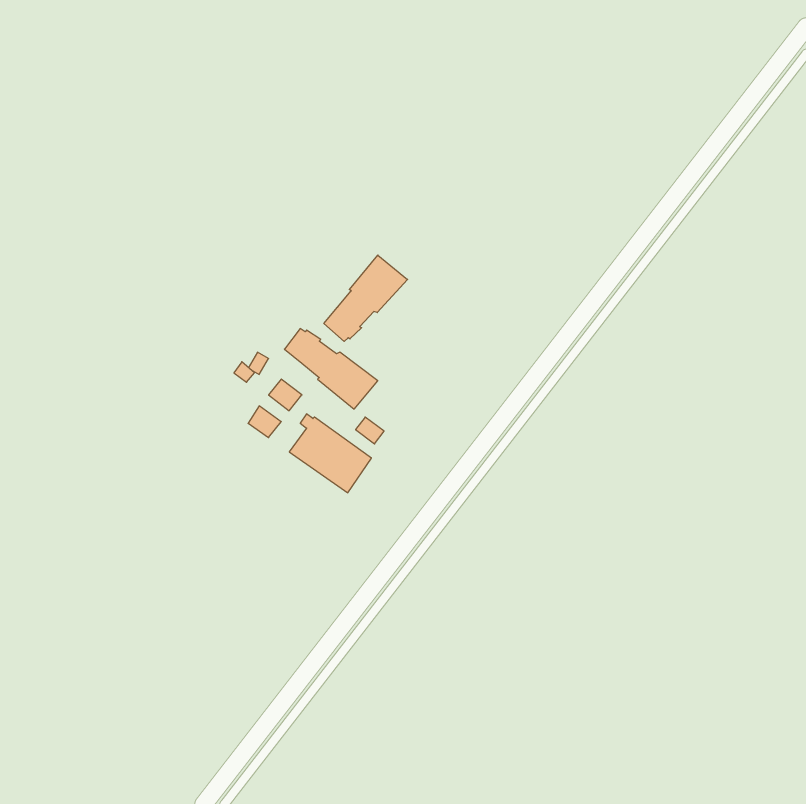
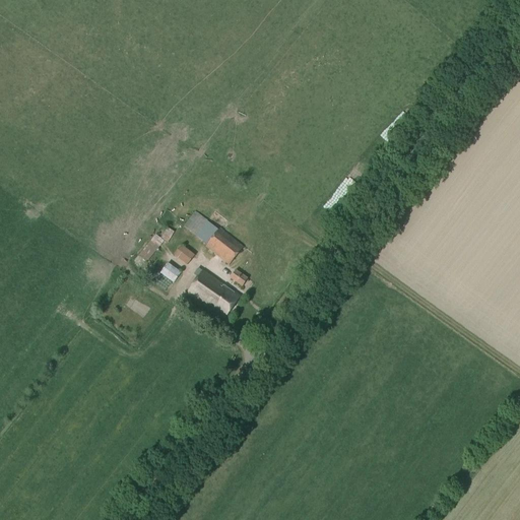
building: [324,255,408,341] -> none

